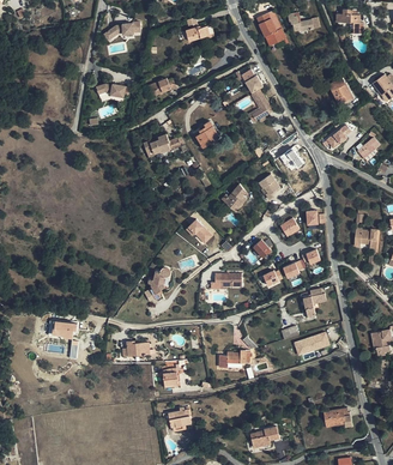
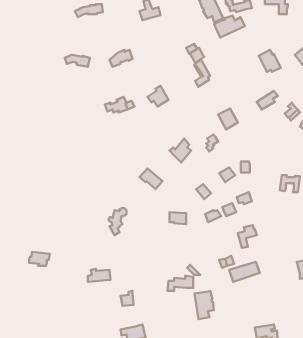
building: none -> [214,15,245,37]
building: none -> [195,291,214,319]

